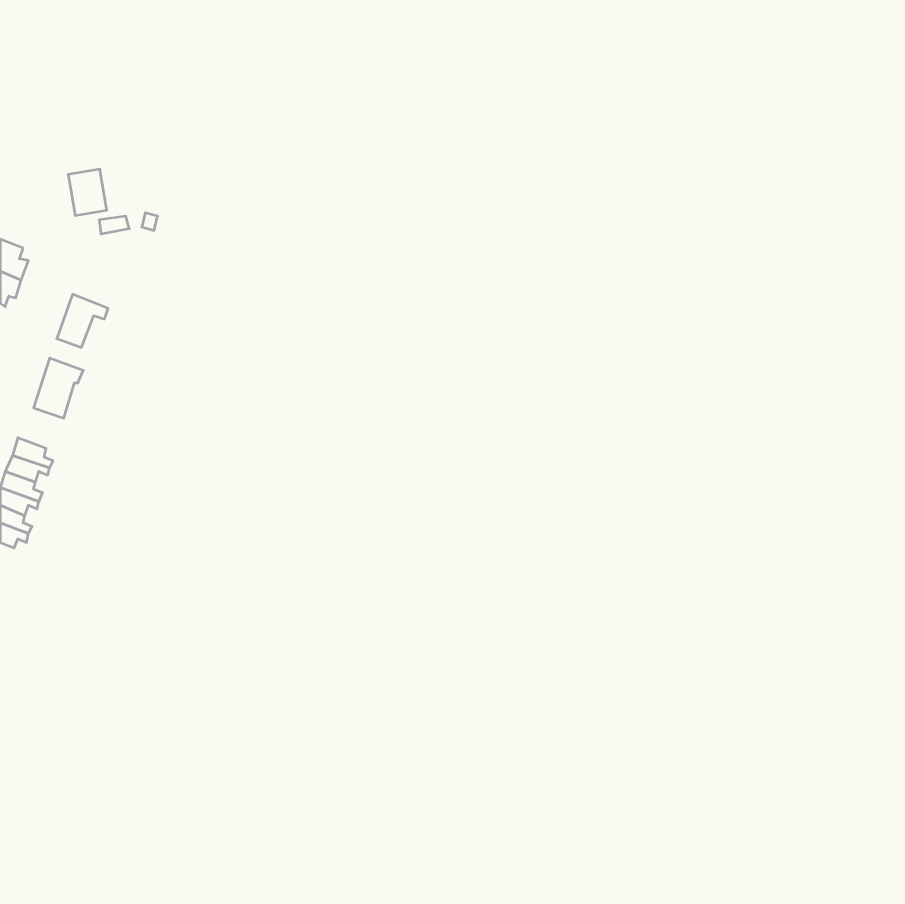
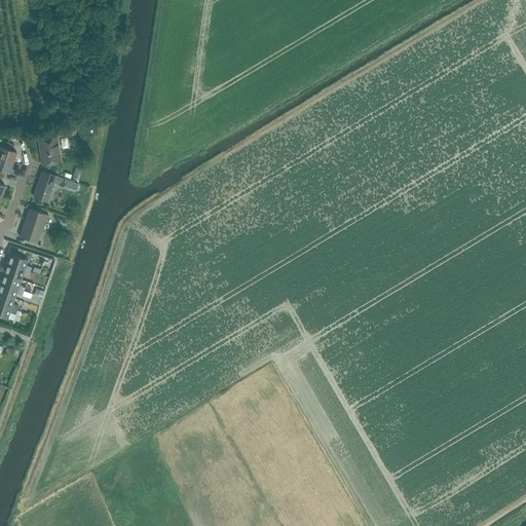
building: [68,169,107,215] -> [38,138,61,164]

